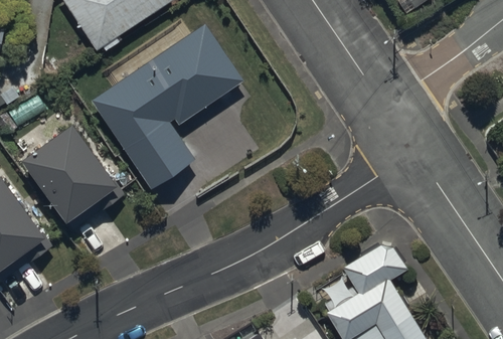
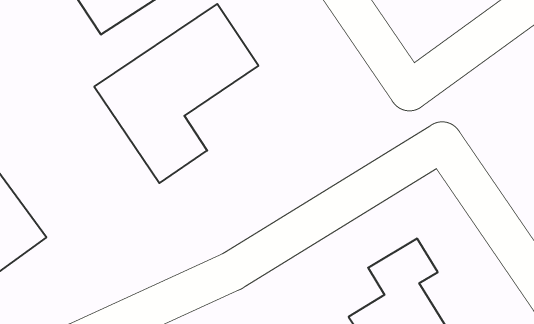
building: [22,126,119,224] -> none

